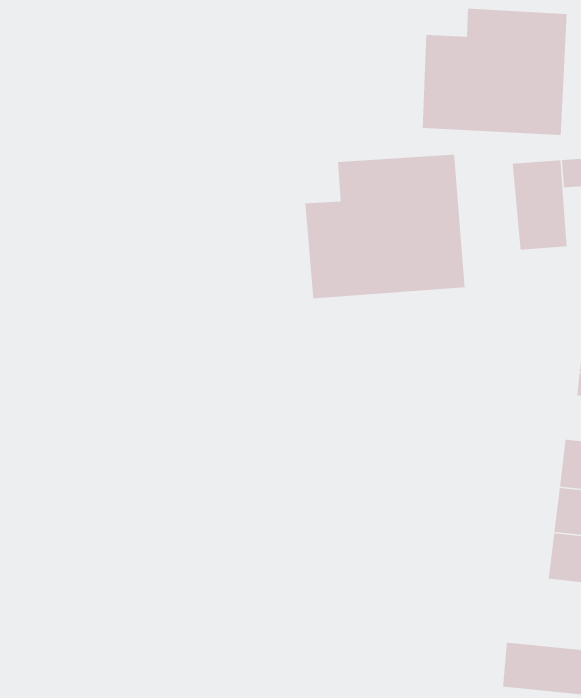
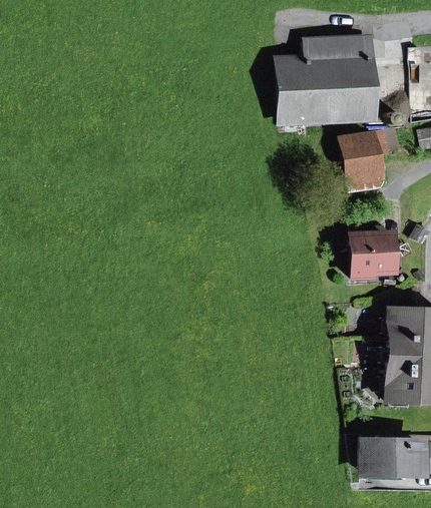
building: [305,154,465,299] -> none
building: none -> [350,234,387,277]

